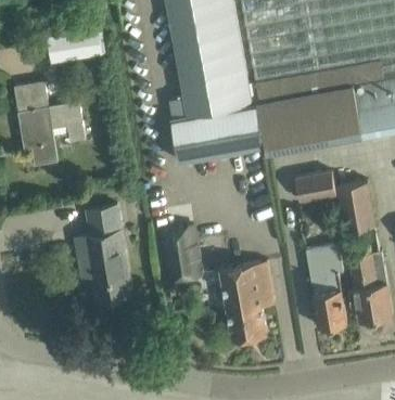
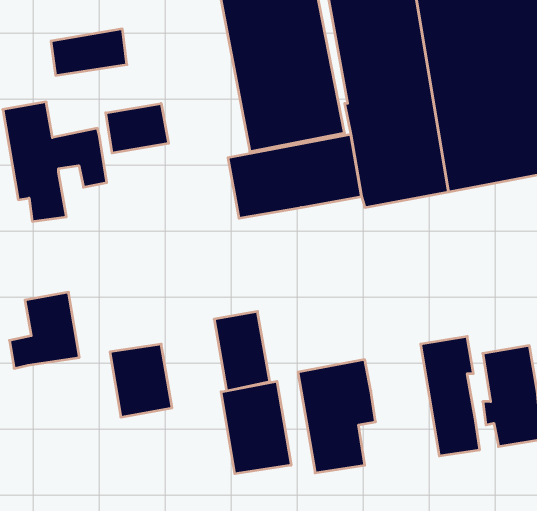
building: none -> [106,103,169,153]
building: [295,173,335,202] -> none
building: [339,181,375,231] -> none
building: [76,205,125,258] -> [9,292,79,368]
building: none -> [221,381,291,474]

